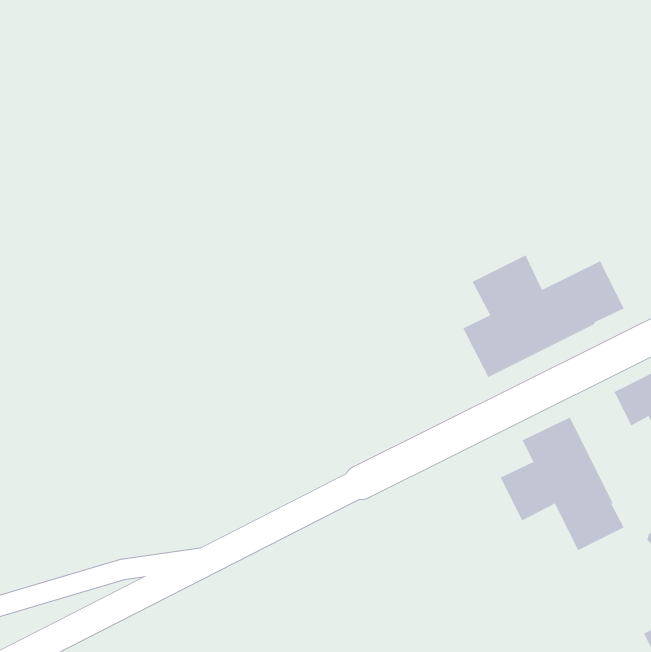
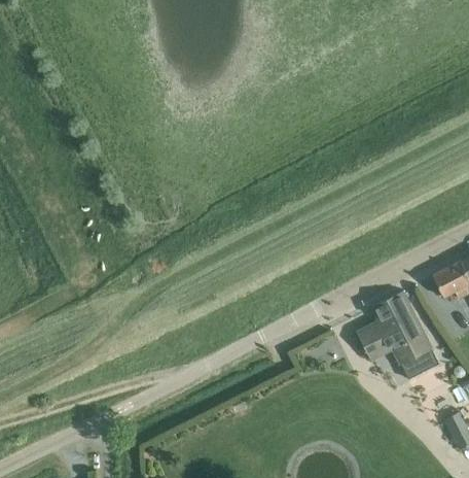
building: [463,254,624,378] -> none

